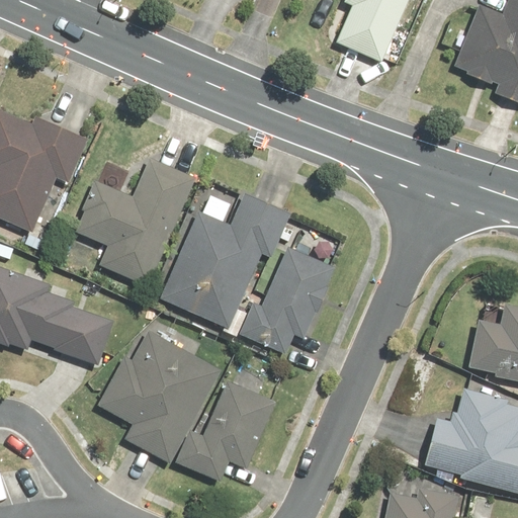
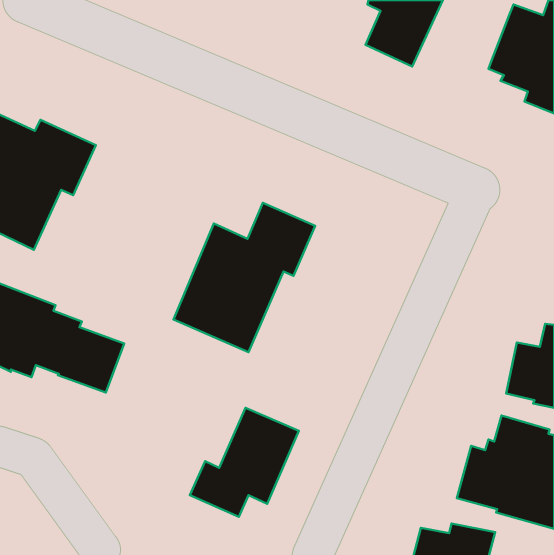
building: [74,157,197,285] -> none
building: [240,247,337,354] -> none
building: [97,330,223,463] -> none

